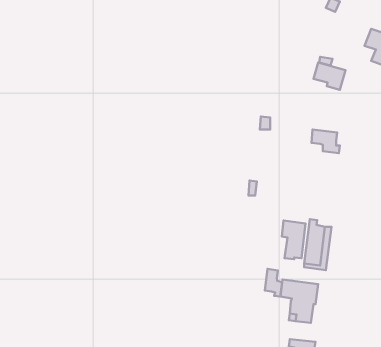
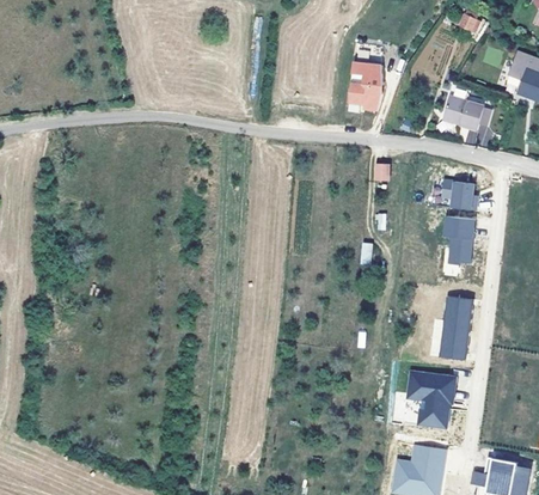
building: none -> [349,63,386,112]
building: [282,221,305,259] -> [445,216,474,265]
building: [265,269,282,296] -> none

